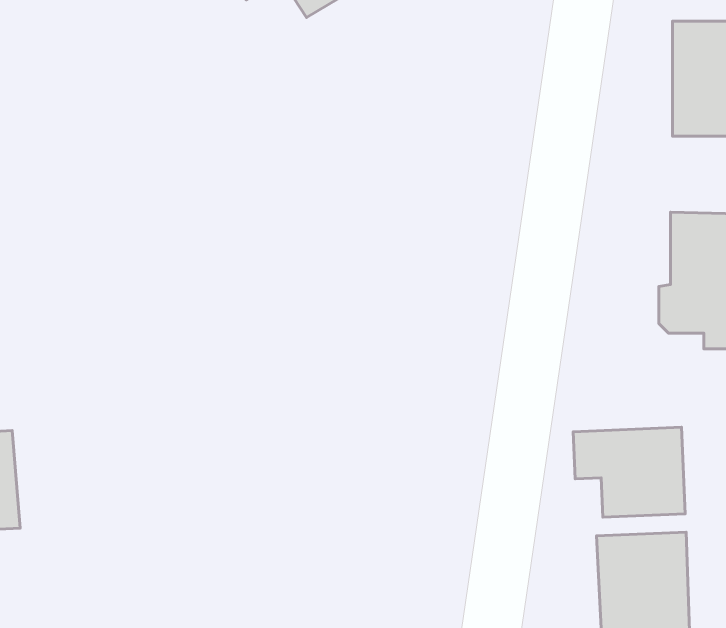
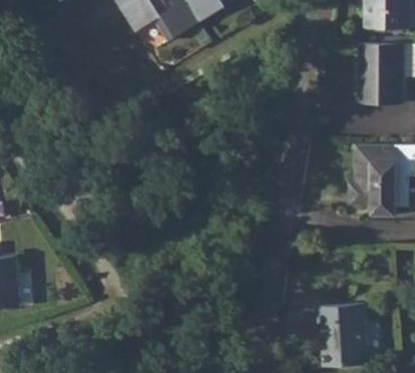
building: [573,427,685,517] -> none

